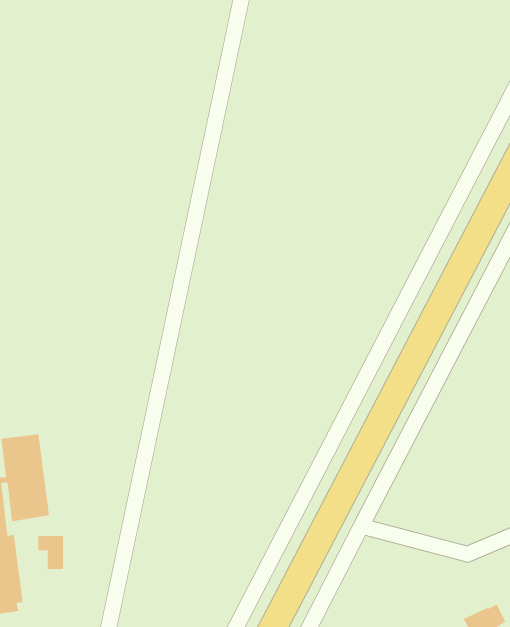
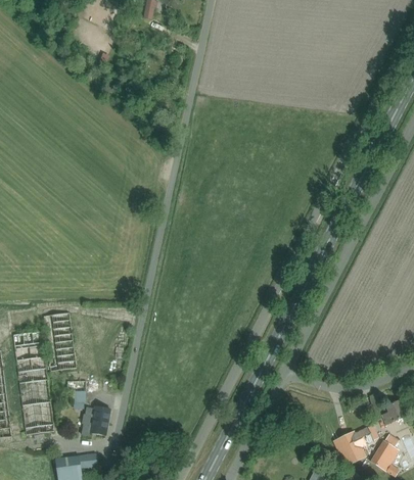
building: none -> [82,406,108,435]

